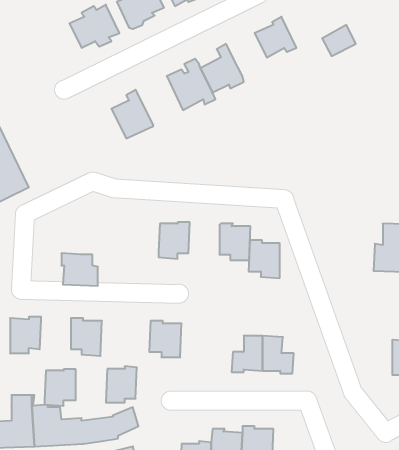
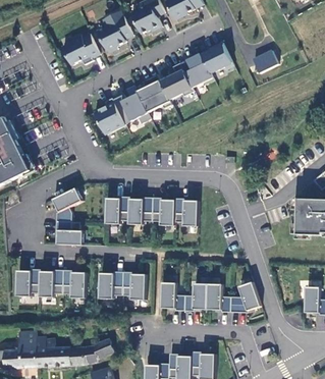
building: none -> [184,55,212,88]
building: none -> [112,86,150,124]
building: none -> [52,188,82,222]
building: none -> [105,197,129,224]
building: [249,240,280,278] -> [151,198,174,226]
building: none -> [229,281,260,313]
building: none -> [161,282,184,311]
building: [106,366,137,403] -> [99,271,122,299]
building: [45,369,76,406] -> [39,270,62,297]

